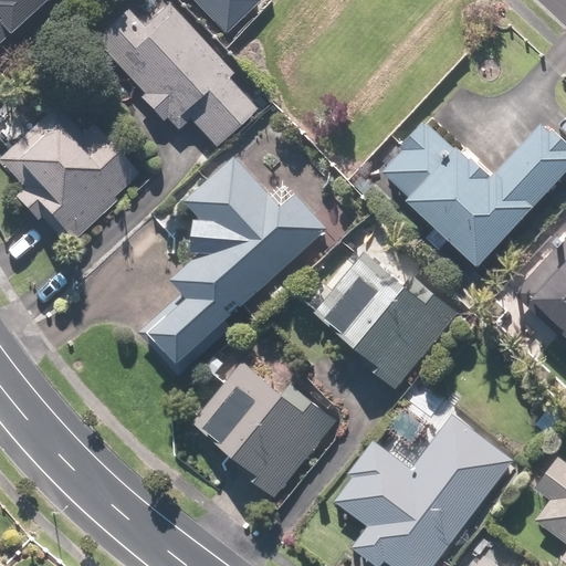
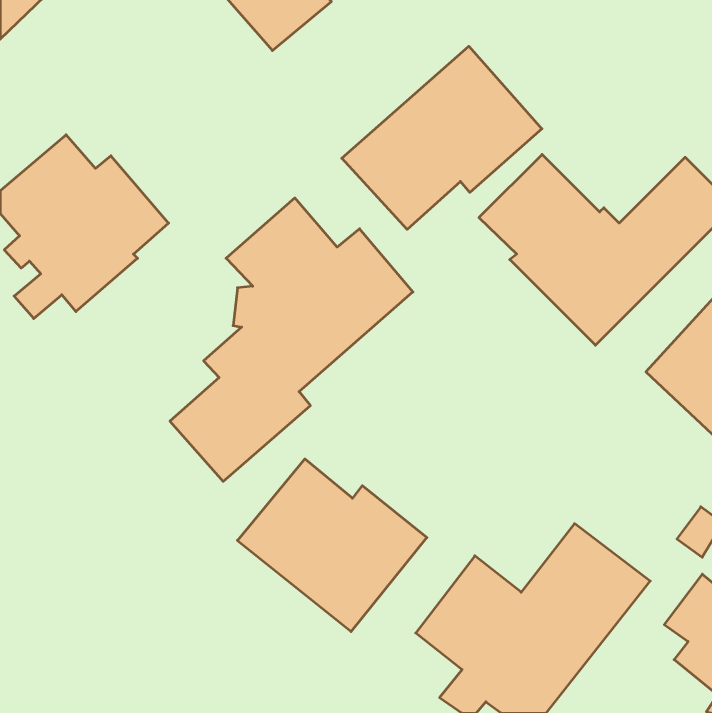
building: [90,4,252,146] -> none
building: none -> [342,46,542,229]
building: [312,244,463,386] -> none

